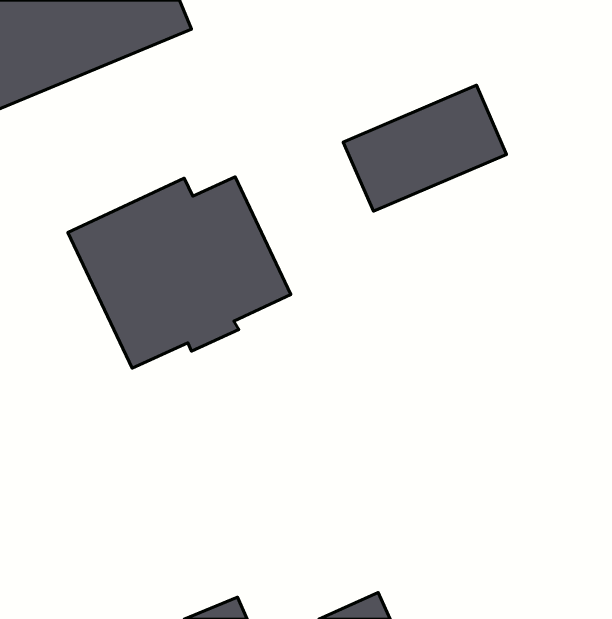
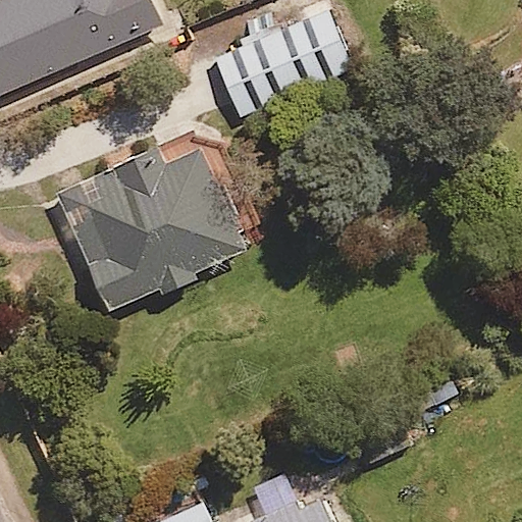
building: [343,85,507,211] -> [213,8,351,114]

